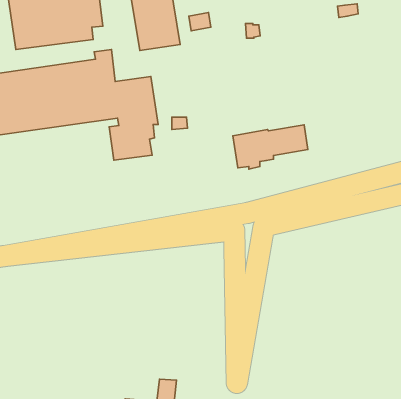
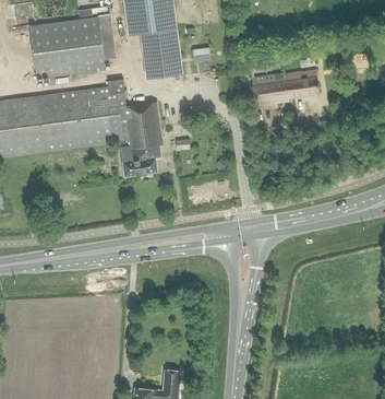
building: [233,125,308,169] -> [252,69,318,108]

